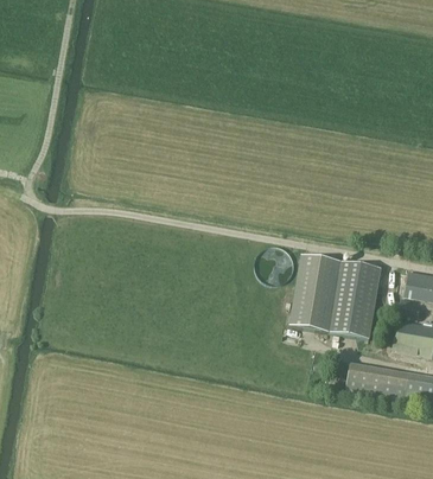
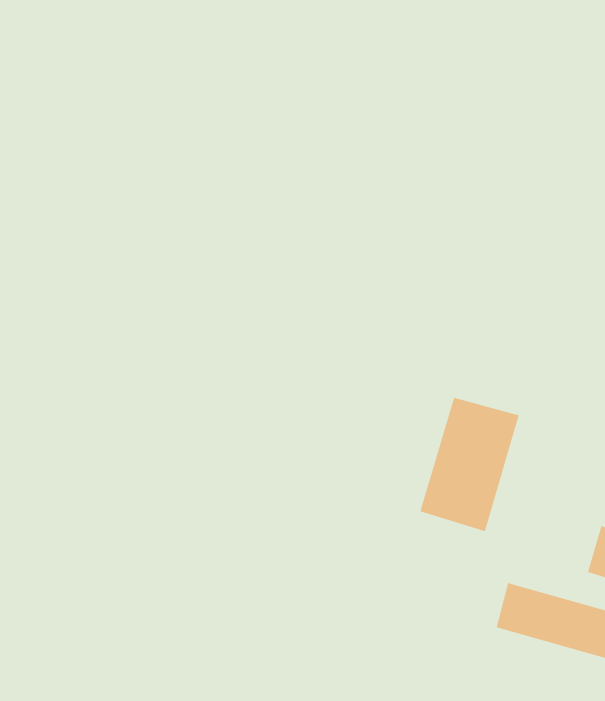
building: [330,261,381,338] -> none

